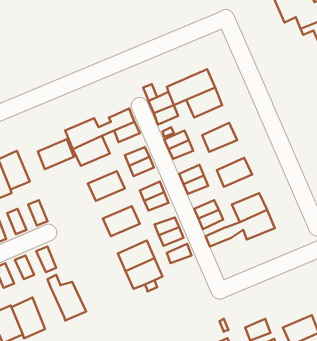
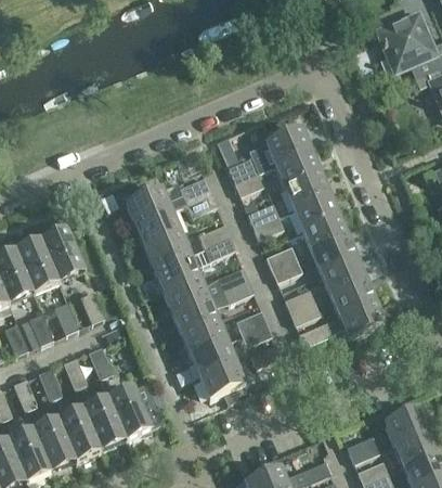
building: none -> [284,172,327,209]
building: [38,139,74,169] -> [144,232,188,269]
building: none -> [302,216,346,253]
building: none -> [321,258,364,295]
building: none -> [162,275,207,312]
building: none -> [181,319,225,356]
building: none -> [83,398,123,445]
building: none -> [385,409,429,447]

